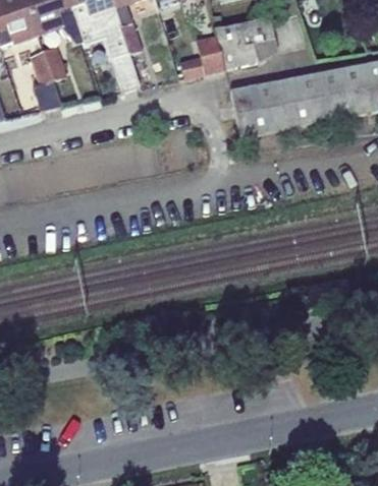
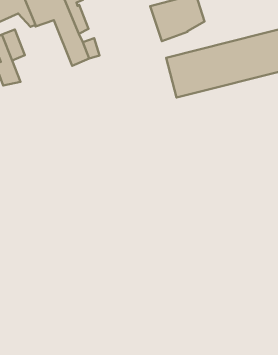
building: [178,35,226,79] -> none

